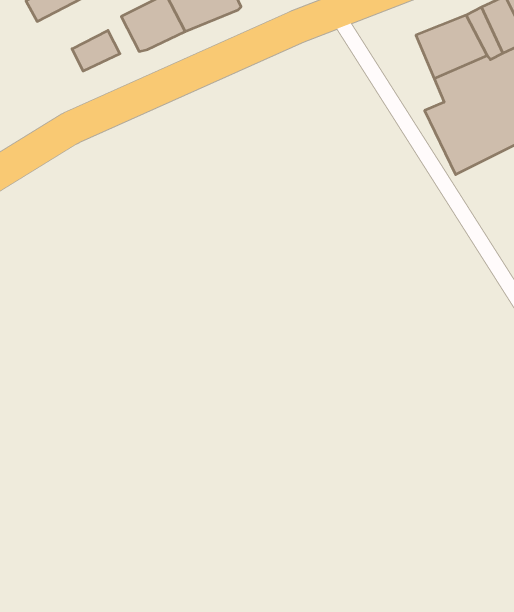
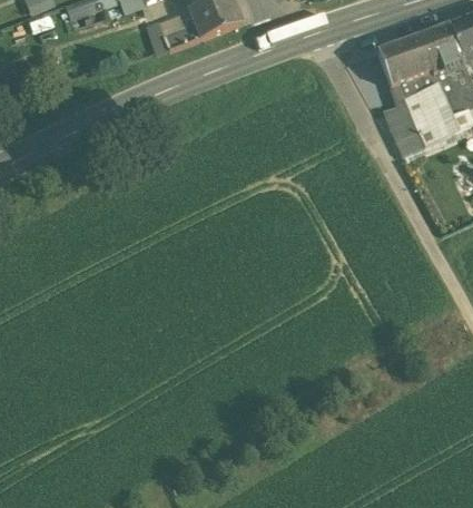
building: [72,30,120,71] -> none

